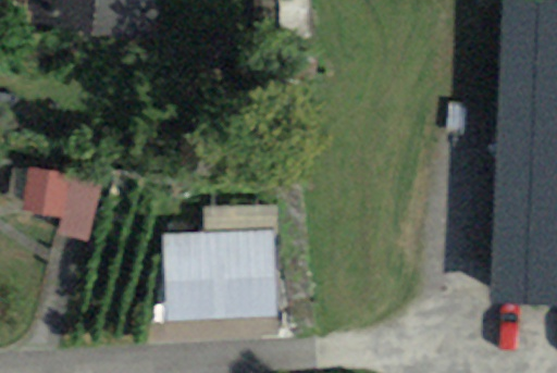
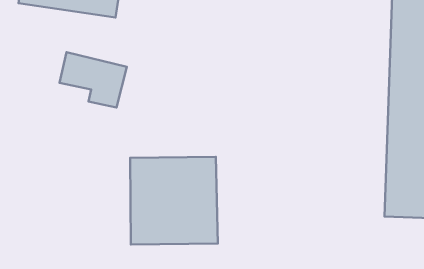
building: [17,162,103,233] -> [60,52,127,107]

